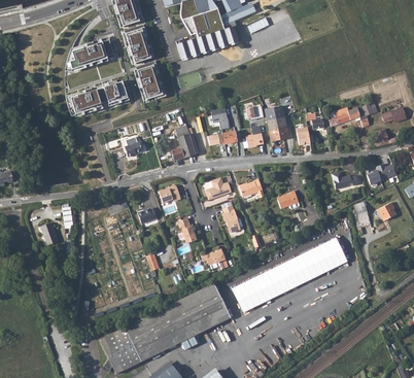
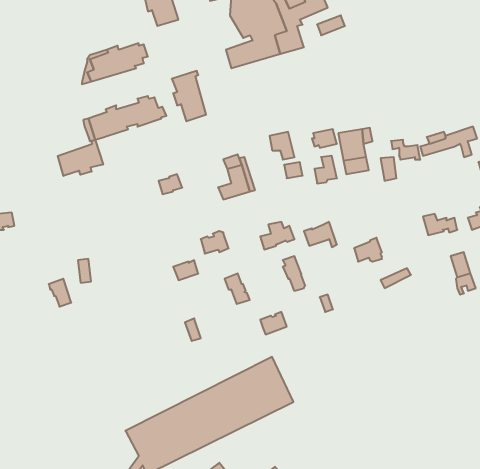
building: [125,25,151,63] -> none
building: none -> [58,140,103,176]
building: [232,237,348,314] -> none

